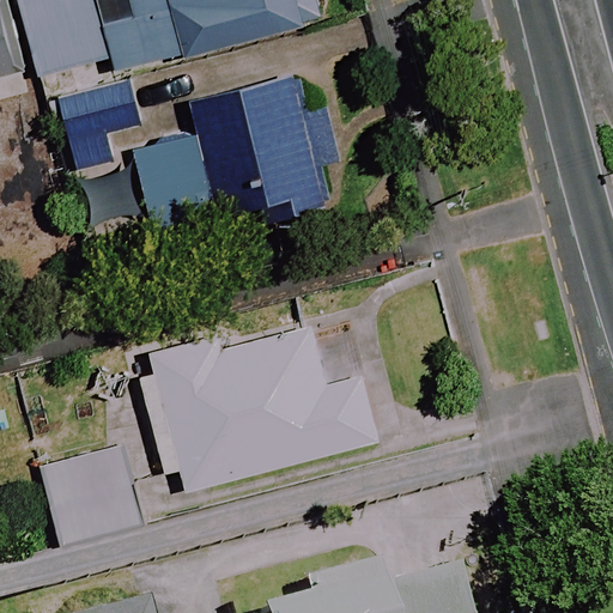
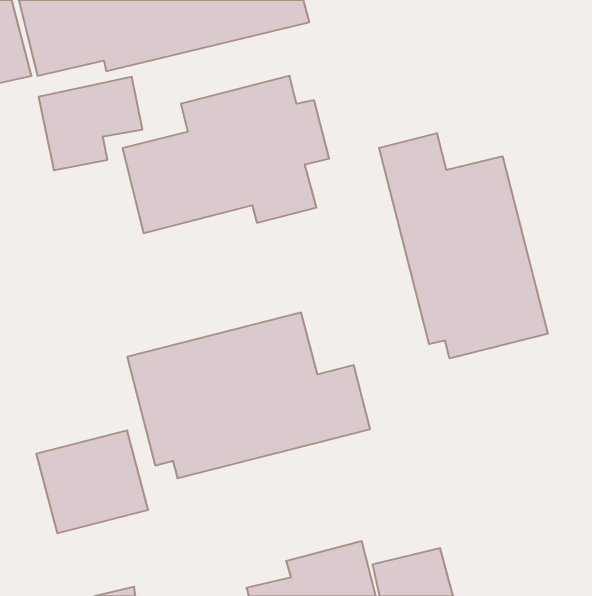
building: none -> [379,133,548,358]

